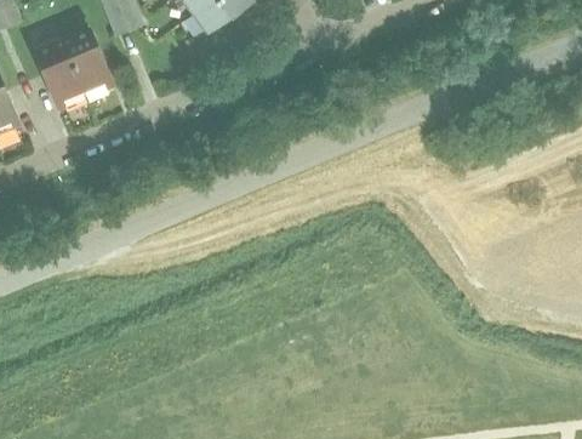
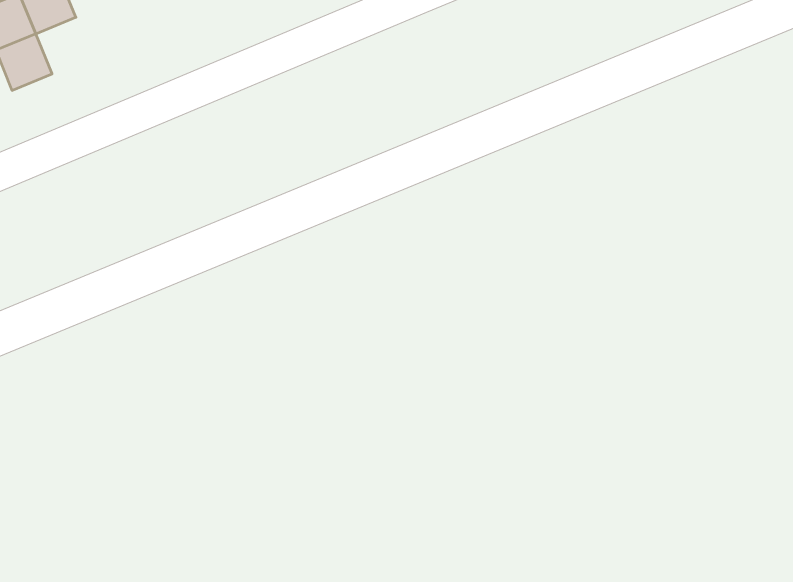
building: [72,57,109,95] -> none

